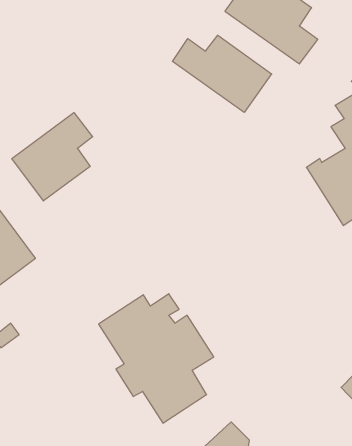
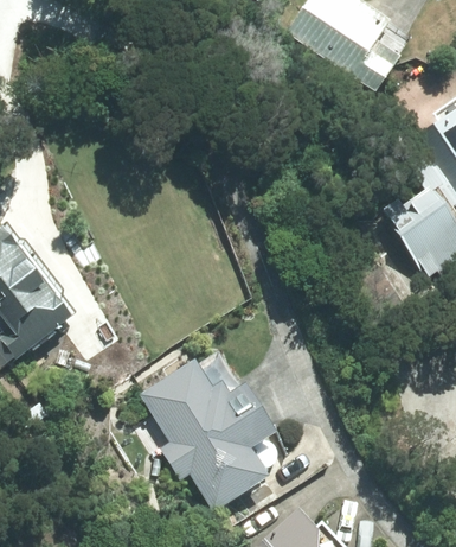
building: [172,35,272,112] -> none
building: [12,113,93,201] -> none

